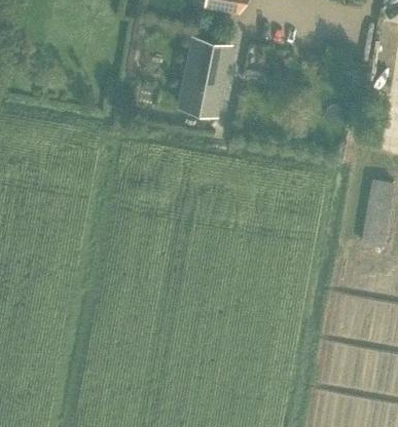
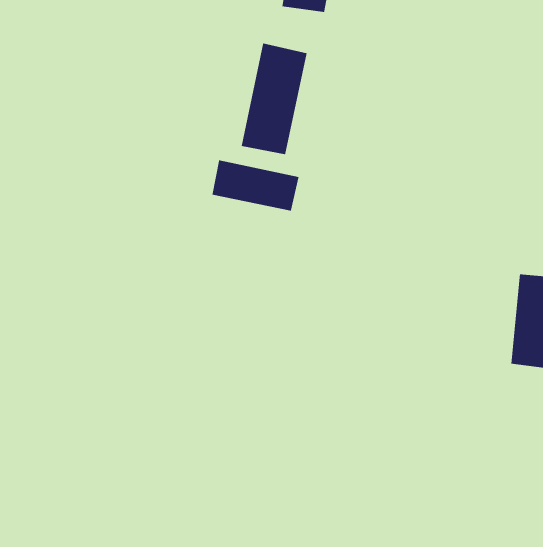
building: none -> [212,159,299,212]

